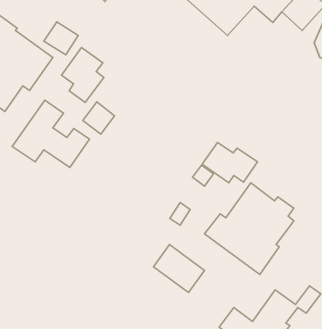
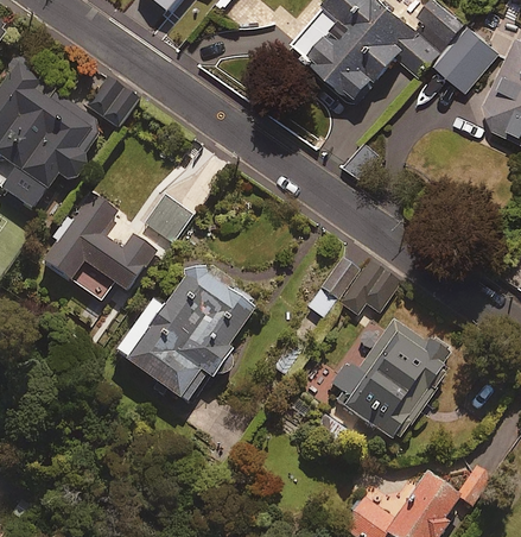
building: [61,47,104,102] -> none
building: none -> [113,260,255,405]
building: [153,245,205,292] -> none

